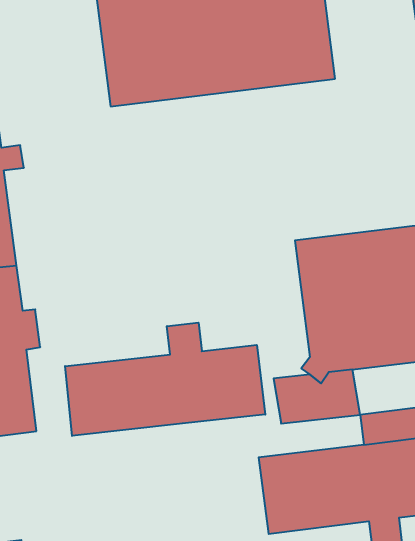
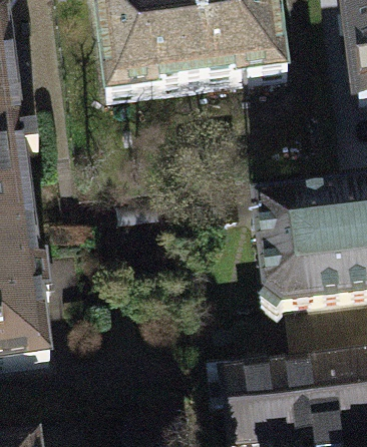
building: [65,323,265,436] -> none

